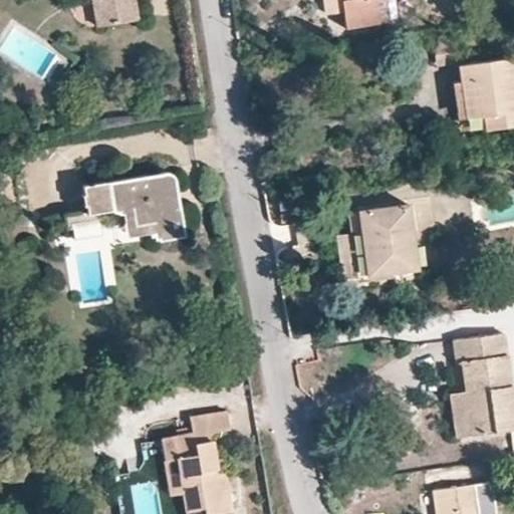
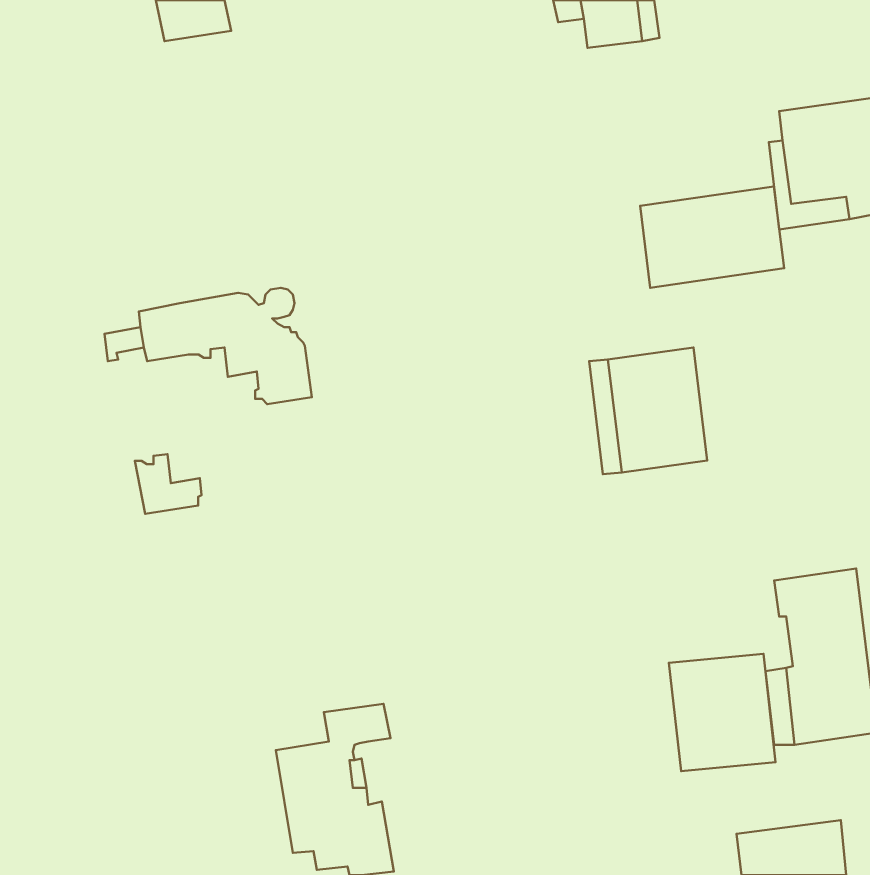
building: none -> [640,186,784,288]
building: [115,204,155,239] -> [135,454,202,514]
building: none -> [669,654,776,771]

